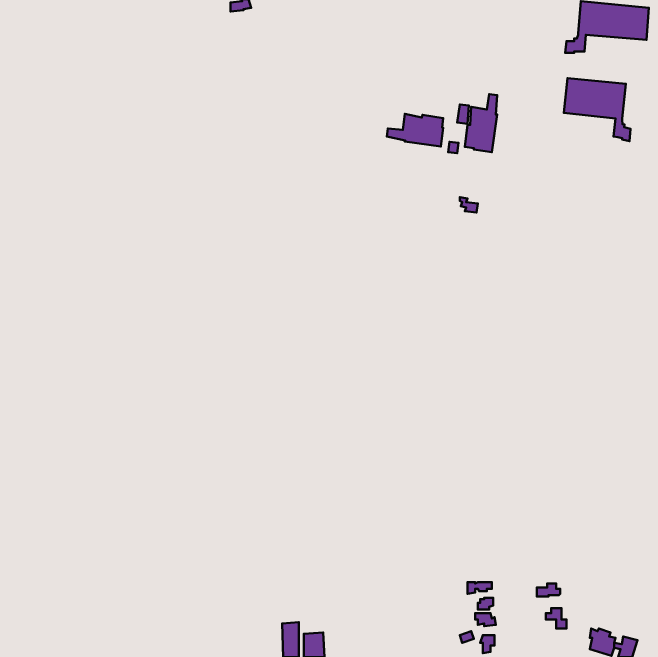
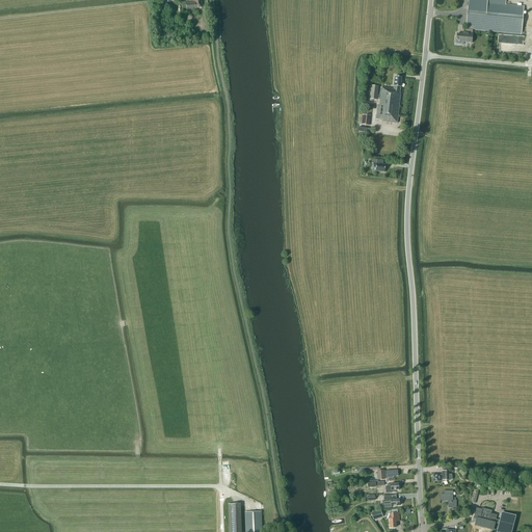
building: [564,78,631,141] -> none
building: [387,114,443,147] -> none

